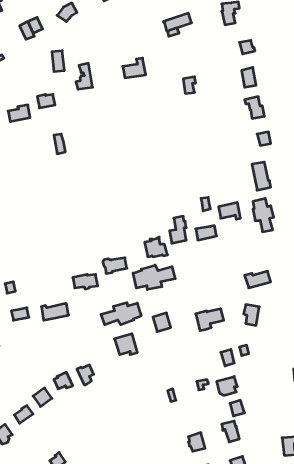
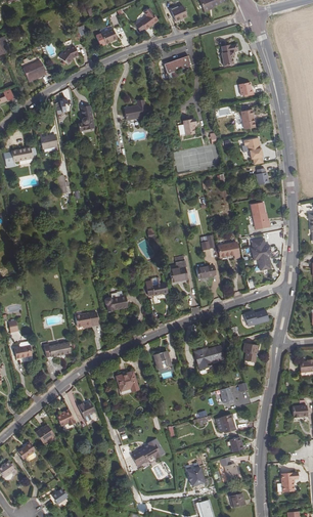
building: [133,265,175,290] -> none
building: [101,303,141,325] -> none
building: none -> [131,438,165,466]

